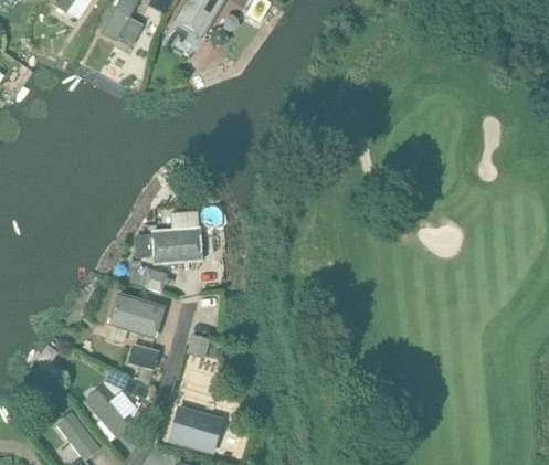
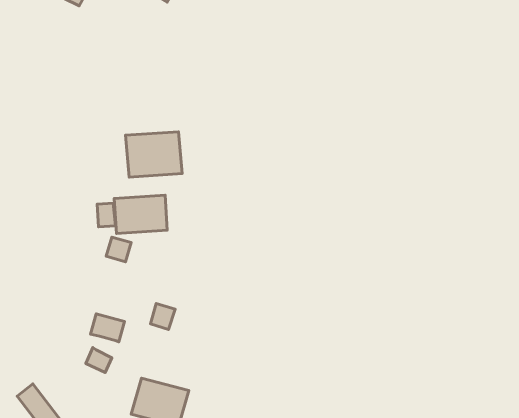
building: none -> [126,132,182,177]
building: [108,290,166,339] -> none
building: [84,389,129,437] -> none

